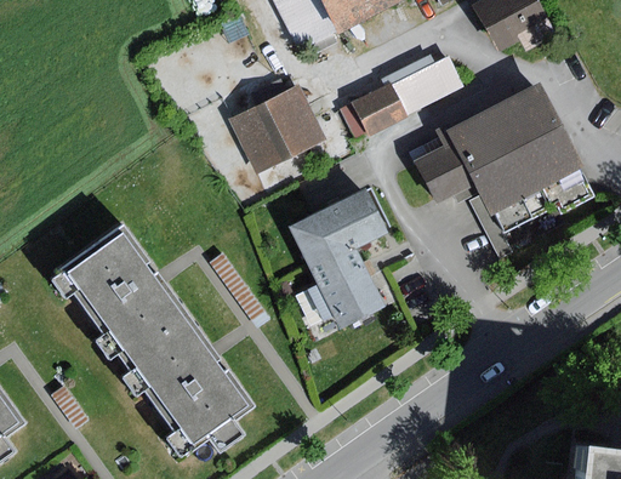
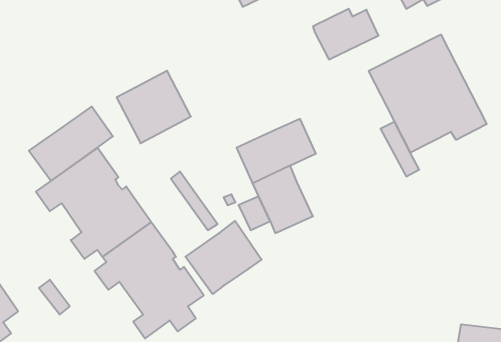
building: [338,82,404,139] -> none
building: [232,86,323,175] -> [117,71,191,143]
building: [414,121,483,203] -> none
building: none -> [29,107,113,181]
building: none -> [185,221,262,294]

